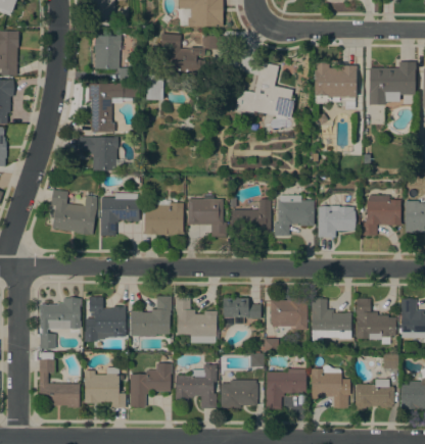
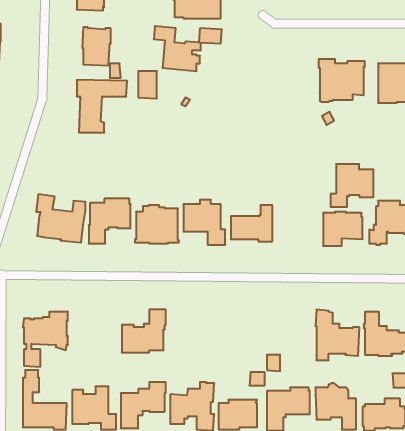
building: [235,62,295,120] -> none
building: [79,136,124,170] -> none
building: [274,195,314,235] -> [331,164,374,207]
building: [85,297,126,342] -> none
building: [176,297,217,343] -> none
building: [223,297,261,328] -> none
building: [271,297,308,330] -> none

